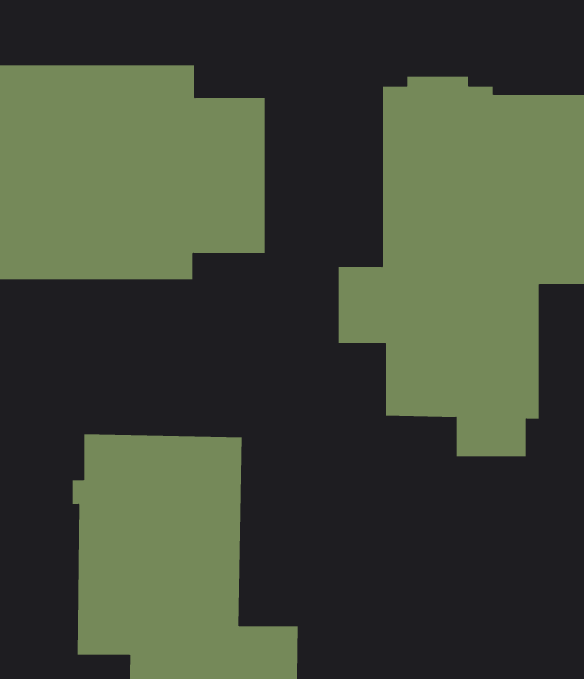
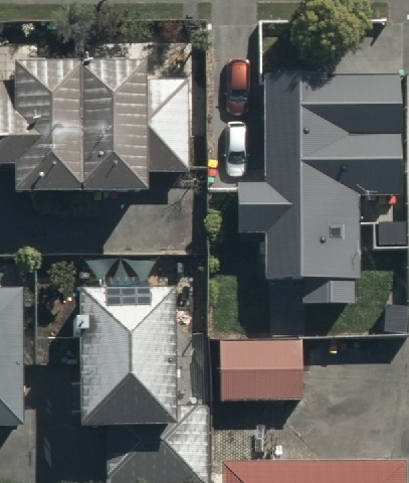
building: none -> [221,339,344,399]

